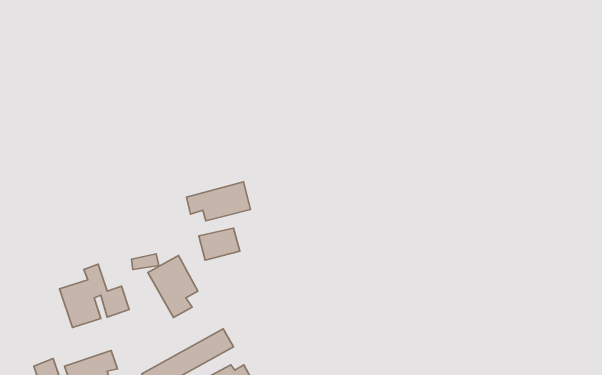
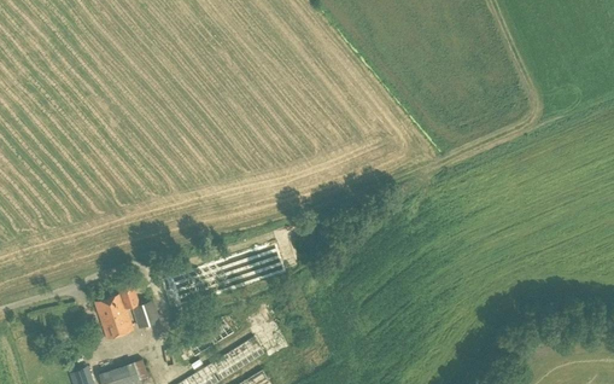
building: [186,182,251,221] -> none
building: [148,255,198,317] -> none

